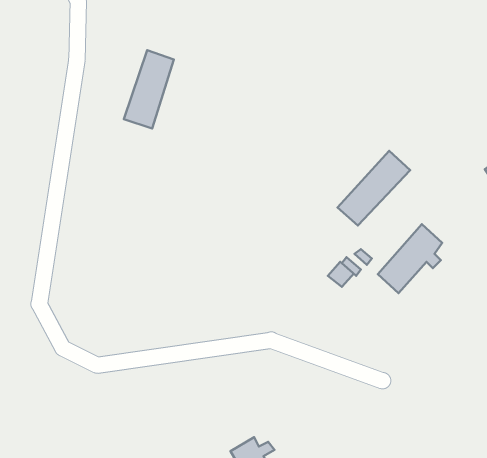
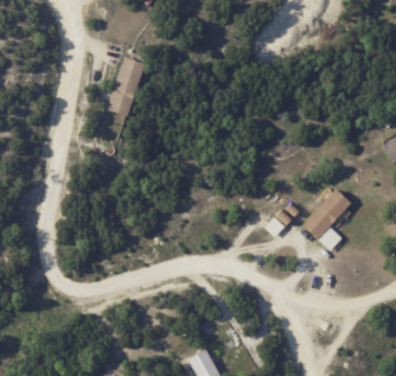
building: [337,151,410,226] -> none

